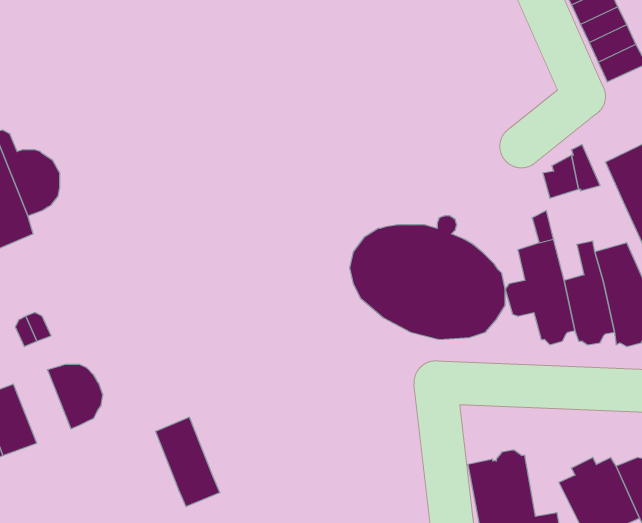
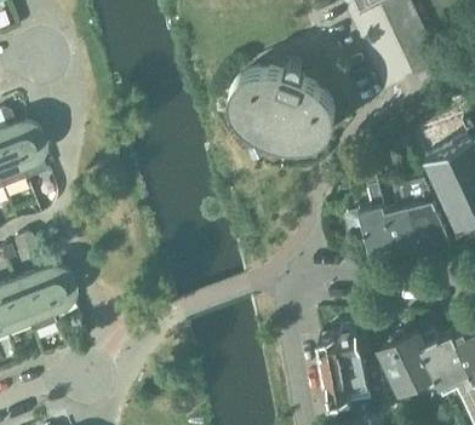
building: [350,216,505,339] -> [229,71,334,155]
building: [155,417,220,507] -> [12,280,56,340]

